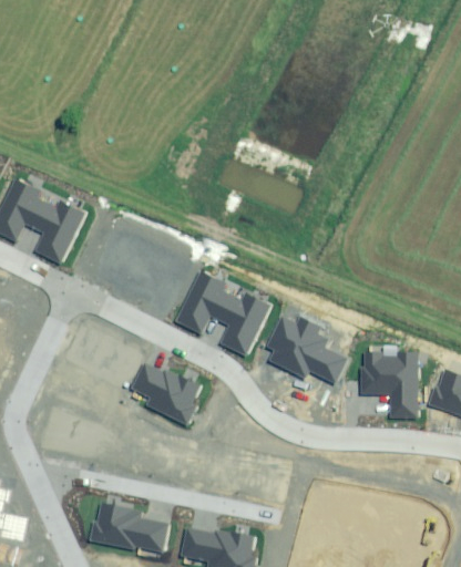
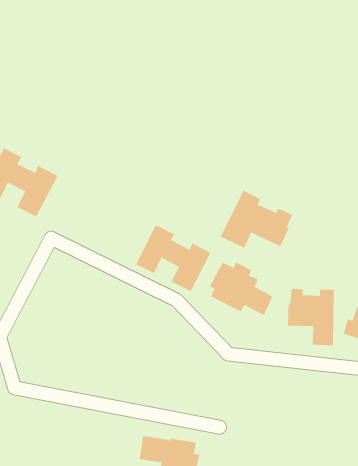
building: none -> [220,190,293,249]
building: [134,364,202,425] -> none
building: [91,504,168,549] -> none

